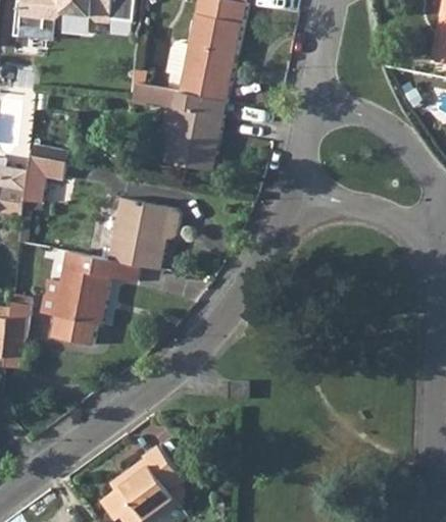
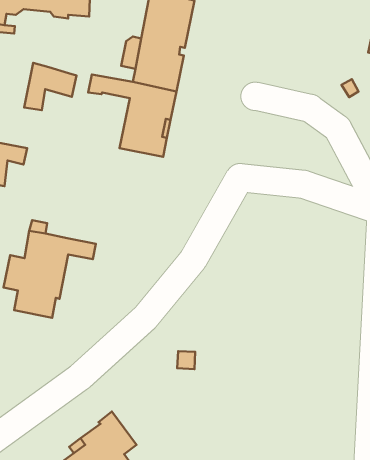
building: none -> [24,63,76,110]
building: [108,197,180,269] -> none

